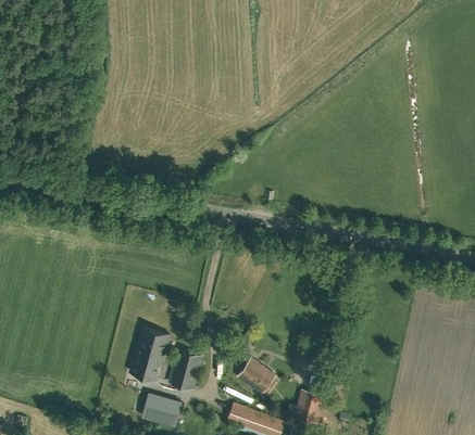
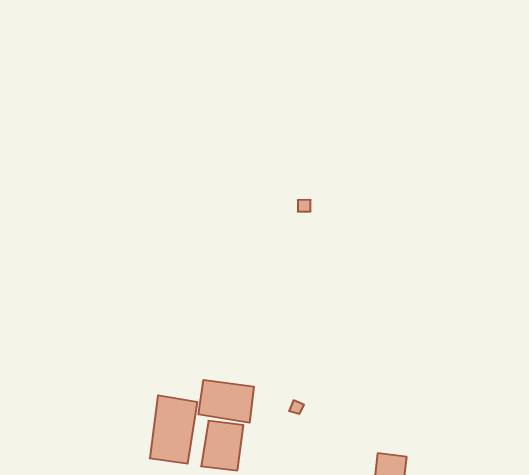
building: none -> [198,380,254,423]
building: [238,358,279,396] -> none

